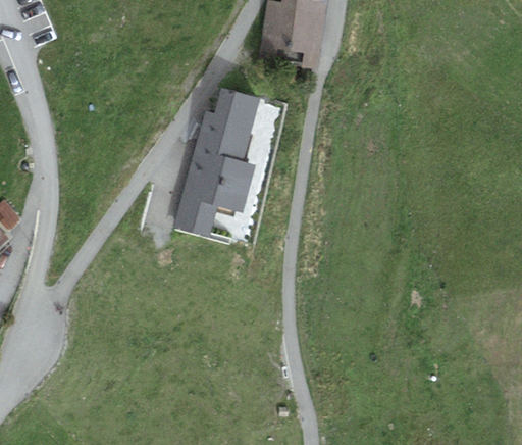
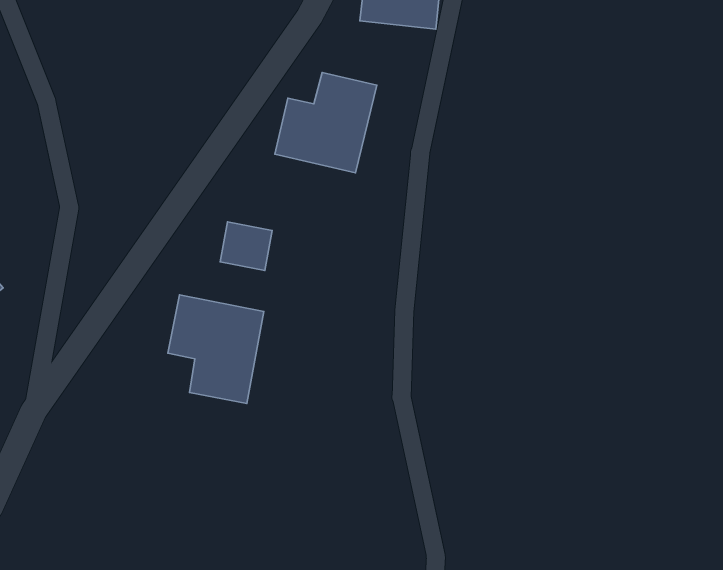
building: [184,149,261,213] -> none
building: none -> [168,295,264,404]

